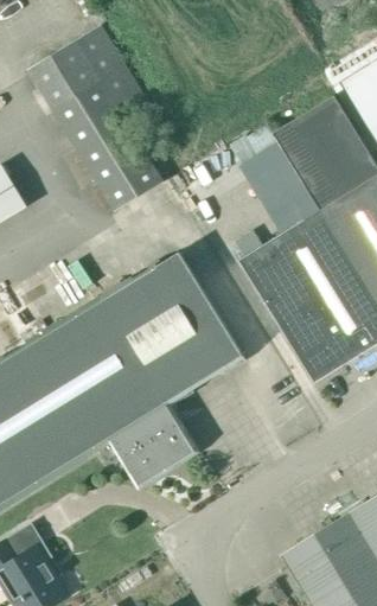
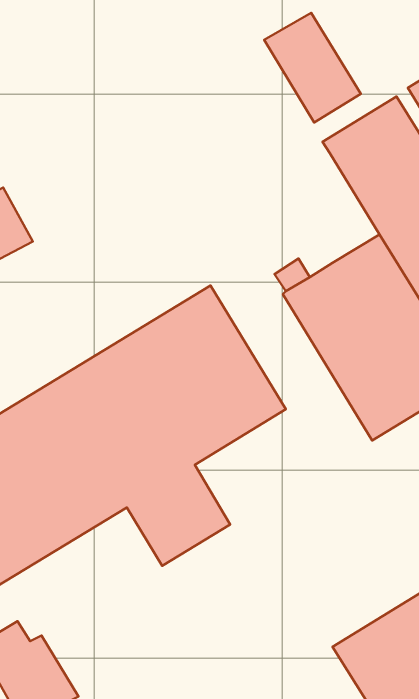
building: [27,24,162,211] -> none
building: [238,142,319,234] -> [264,13,361,122]

